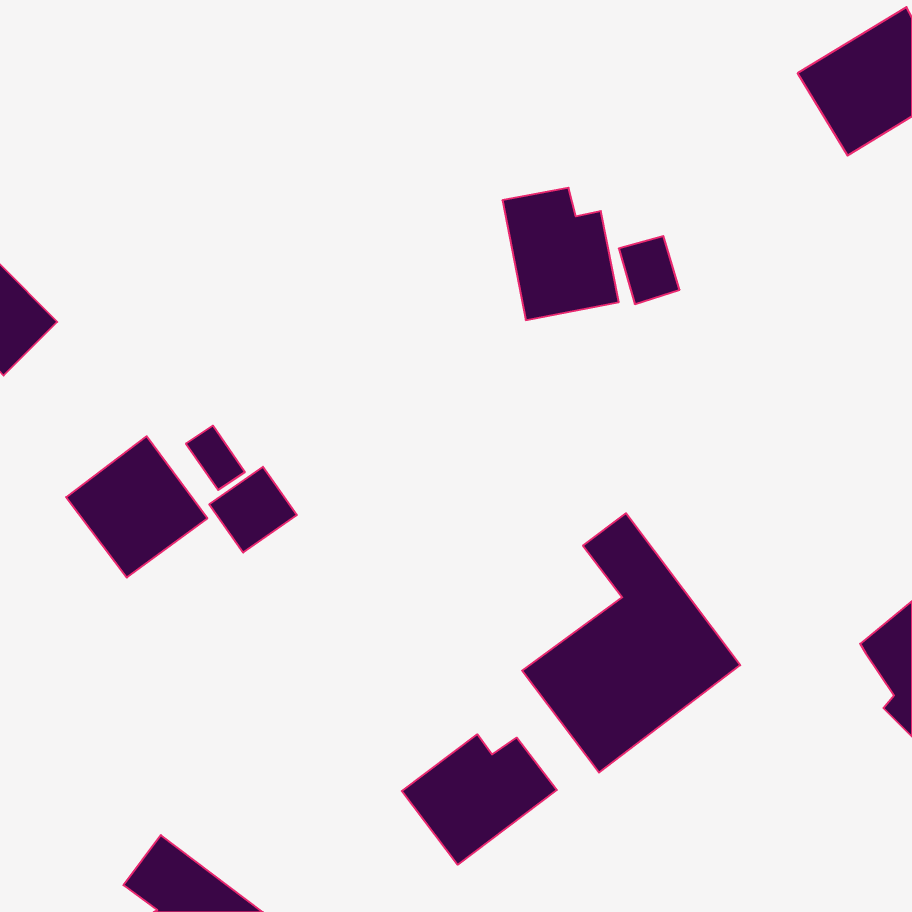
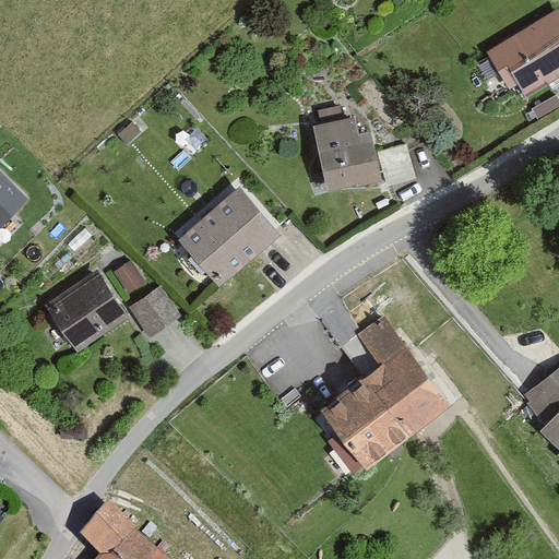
building: none -> [177,187,281,288]
building: [402,734,557,865] -> none

